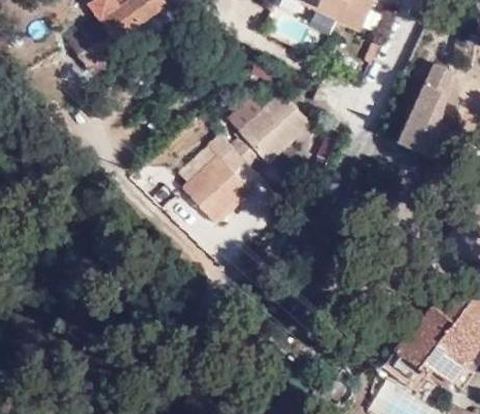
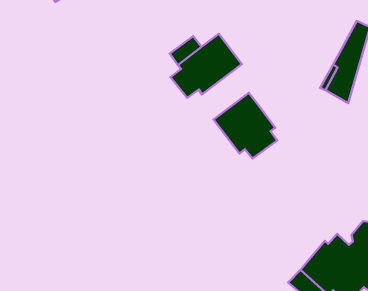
building: [182,153,250,222] -> none
building: none -> [214,93,277,159]

